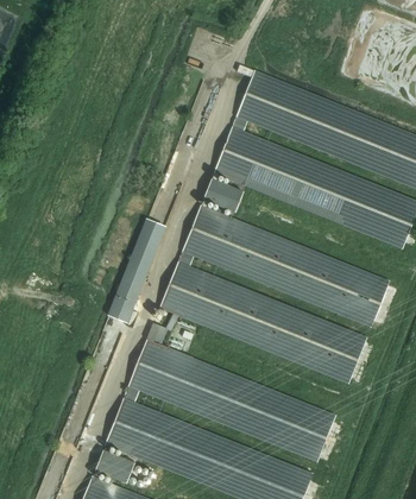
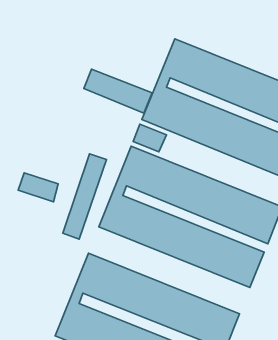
building: none -> [84,69,152,113]
building: none -> [18,173,58,202]

